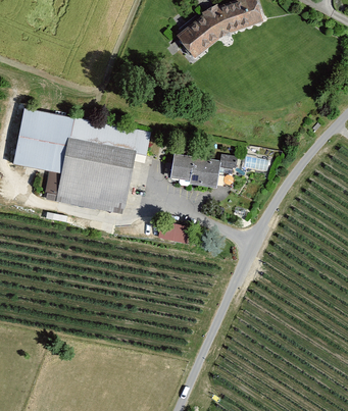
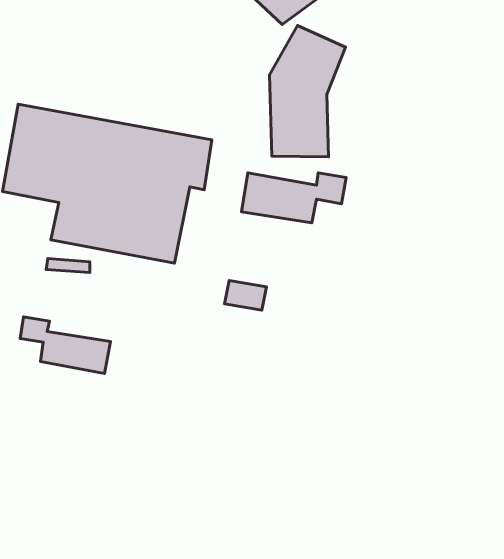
building: none -> [269,25,346,157]
building: none -> [20,317,110,374]

